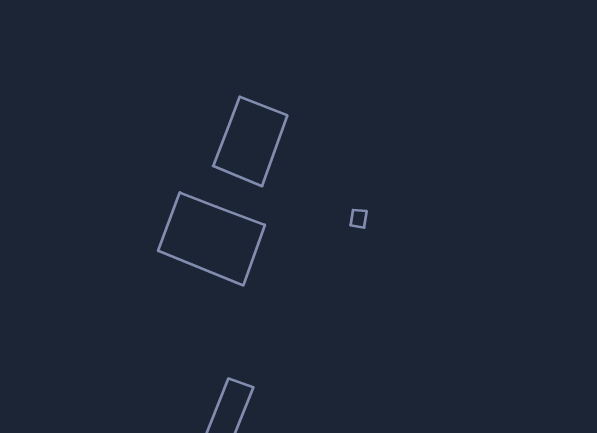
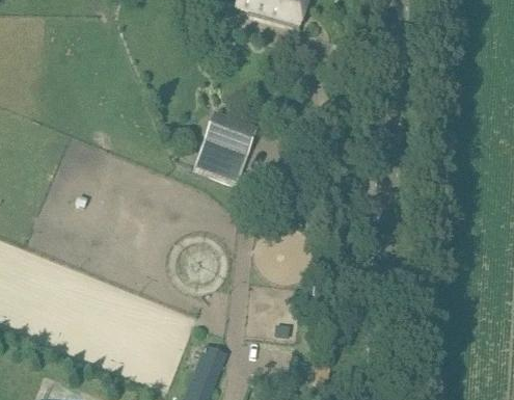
building: [158,192,265,285] -> none

